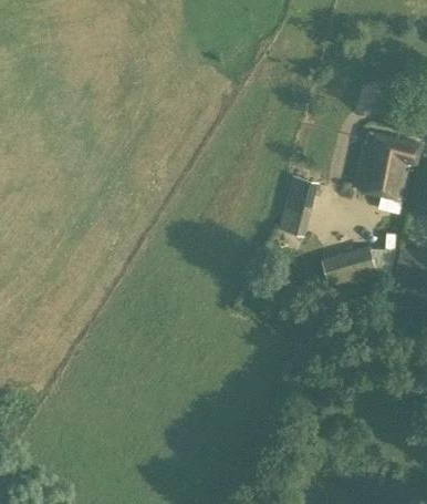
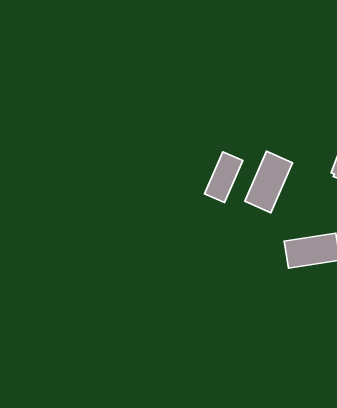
building: none -> [205,152,243,203]

